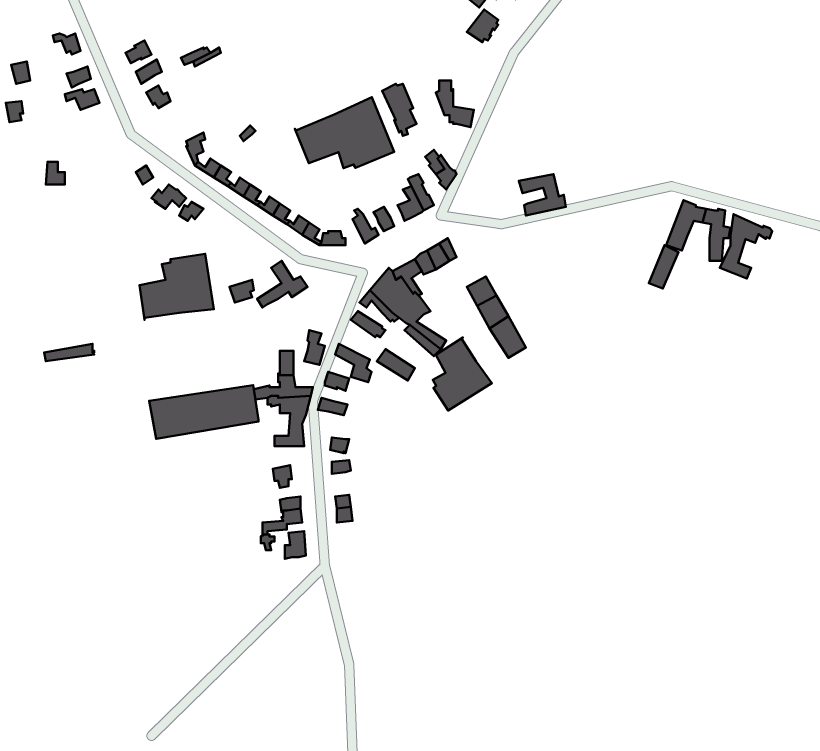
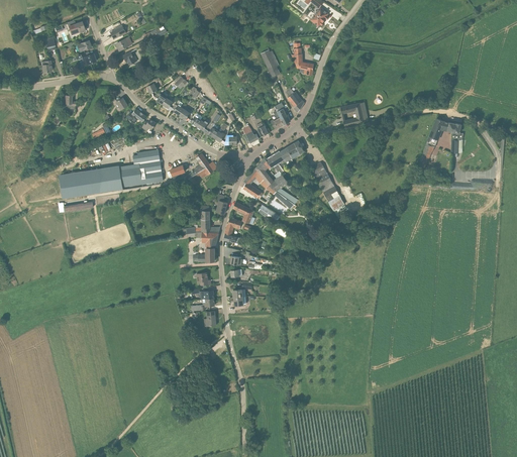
building: [295,97,394,168] -> none
building: [720,214,772,278] -> none
building: [433,338,492,411] -> none
building: [149,385,258,439] -> [59,166,122,198]

